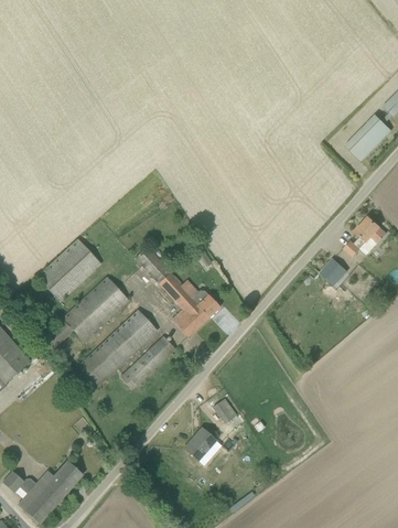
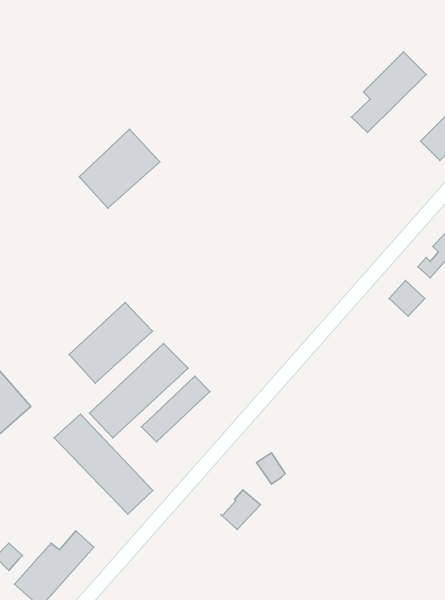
building: none -> [351,52,426,133]
building: [36,237,101,301] -> [79,129,160,208]
building: [135,246,219,336] -> none
building: none -> [54,414,153,514]

